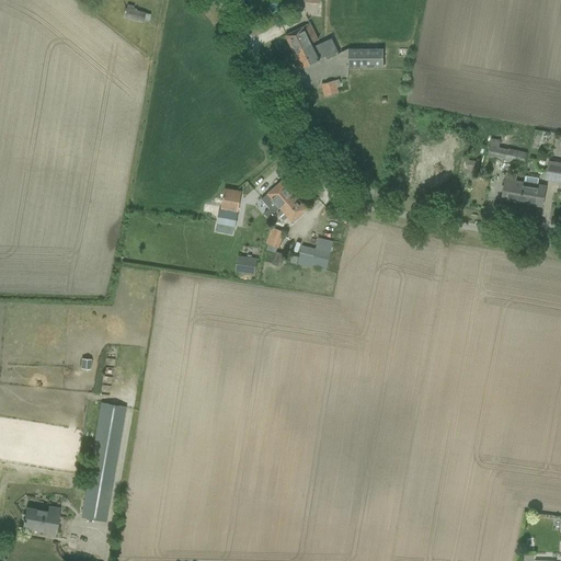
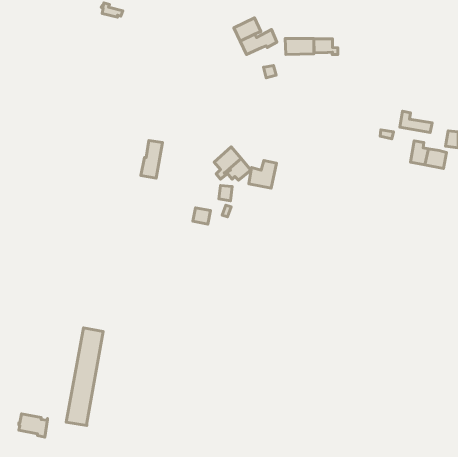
building: none -> [314,39,338,55]
building: [215,187,241,233] -> [141,141,162,178]
building: [299,236,333,270] -> [249,160,277,188]

